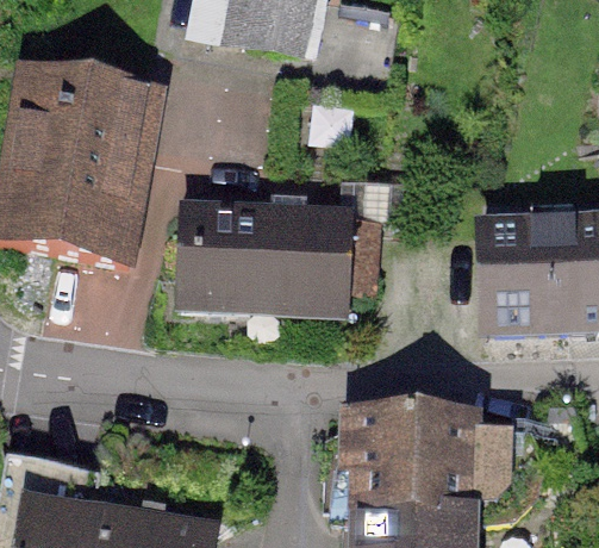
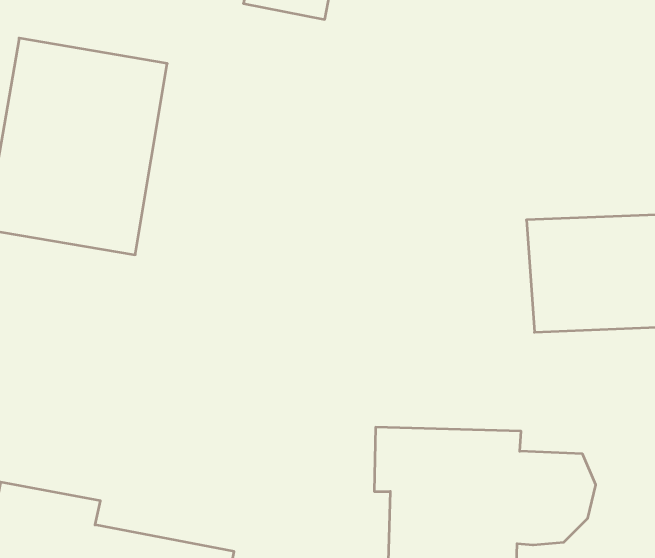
building: [176,208,380,310] -> none

